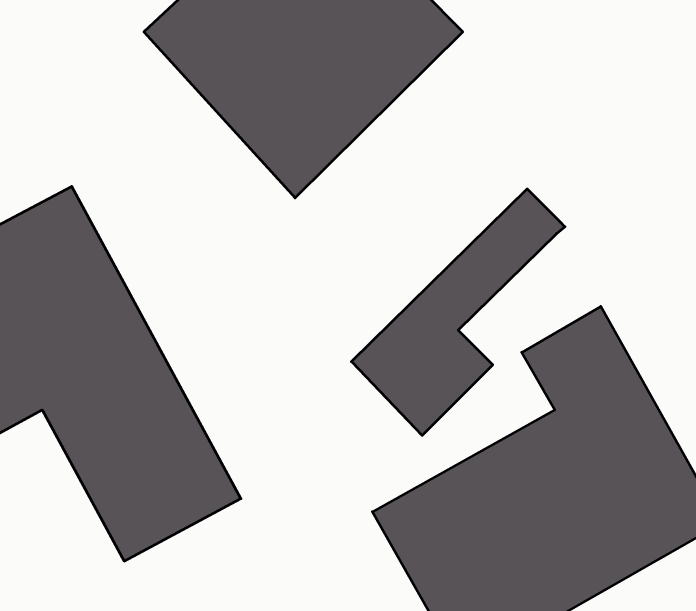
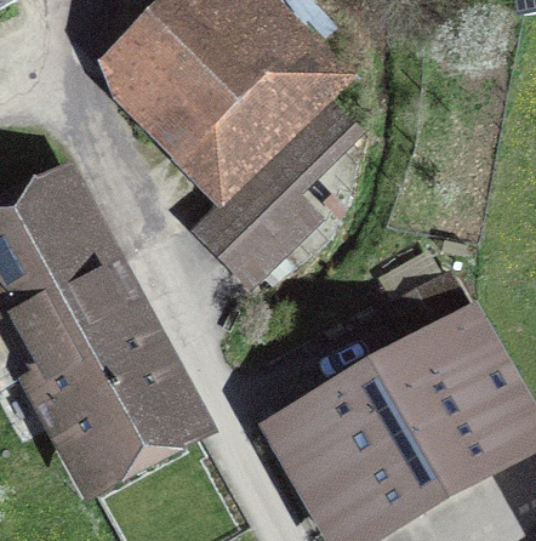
building: [351,189,565,435] -> [203,99,360,281]

